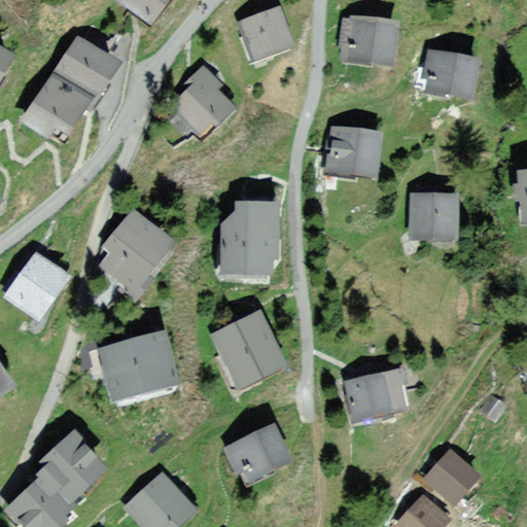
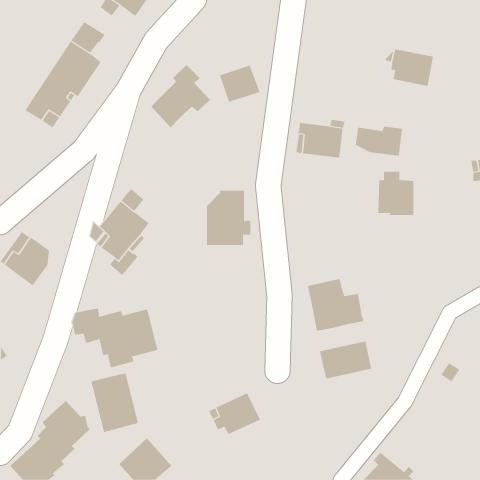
building: [243,12,288,54] -> [219,65,261,102]
building: [349,23,394,61] -> none
building: none -> [355,126,402,156]
building: none -> [307,278,364,332]
building: [218,317,280,383] -> none
building: none -> [91,372,138,433]
building: [427,453,478,503] -> none

